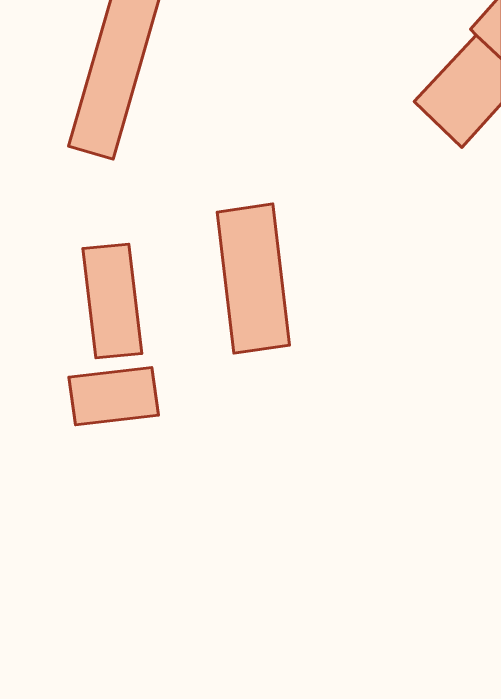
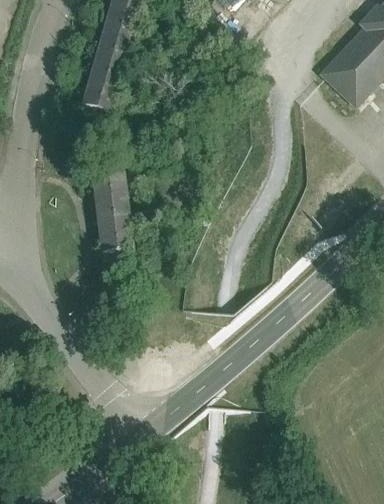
building: [217,204,289,353] -> none
building: [69,367,158,425] -> none

